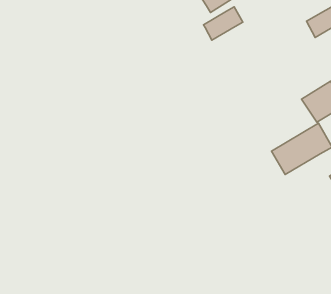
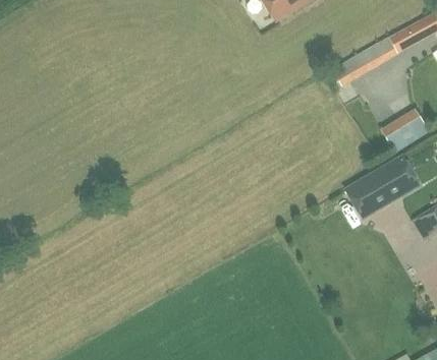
building: [203,7,243,40] -> [334,45,381,84]

